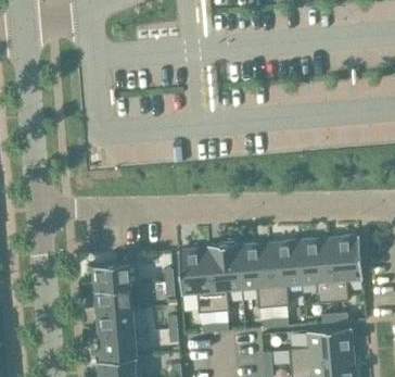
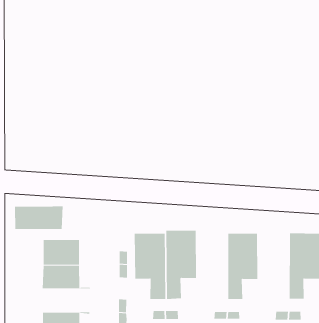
building: [300,237,335,302] -> none
building: [240,242,276,307] -> none
building: [94,307,143,335] -> [14,206,63,230]

